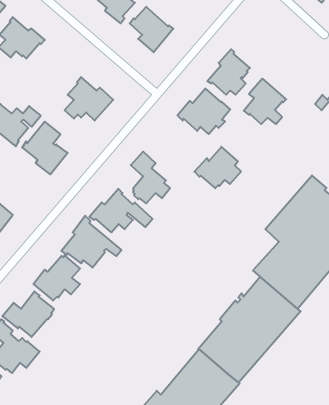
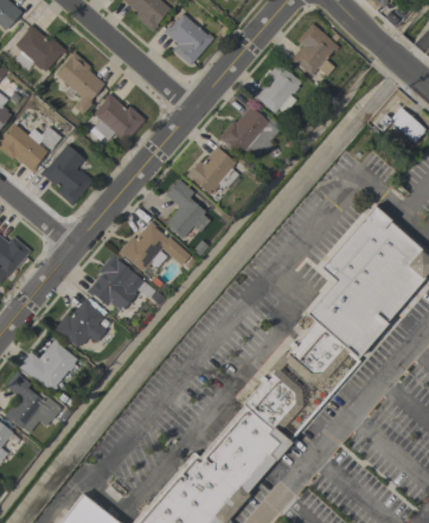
building: none -> [57,51,105,114]
building: [244,79,286,124] -> [292,23,340,75]
building: [194,147,241,188] -> [186,146,239,193]

